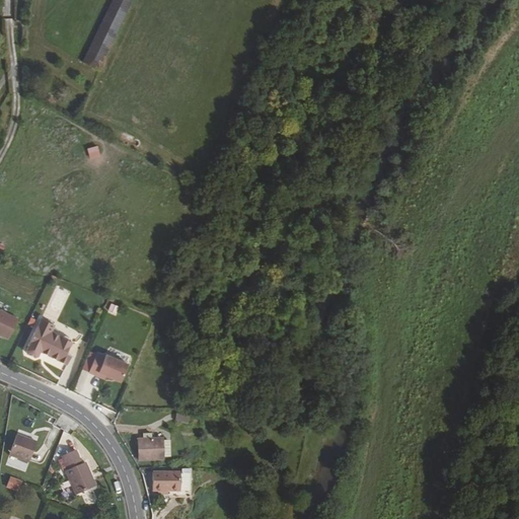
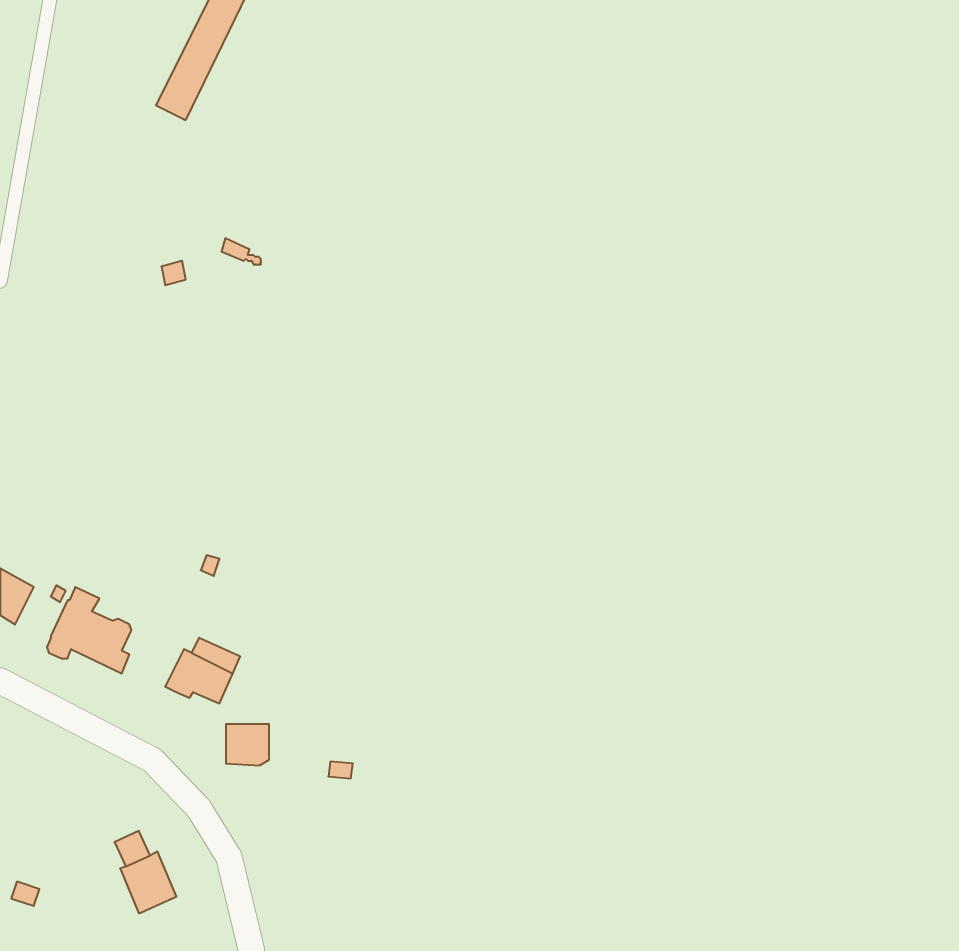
building: [9,435,36,461] -> none
building: [139,438,162,460] -> [226,724,269,765]
building: [151,471,178,491] -> none

